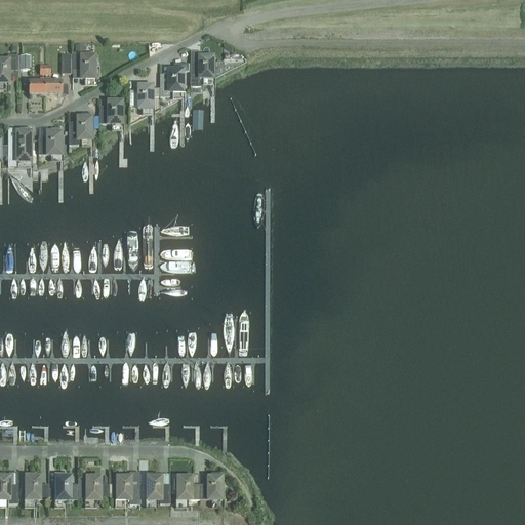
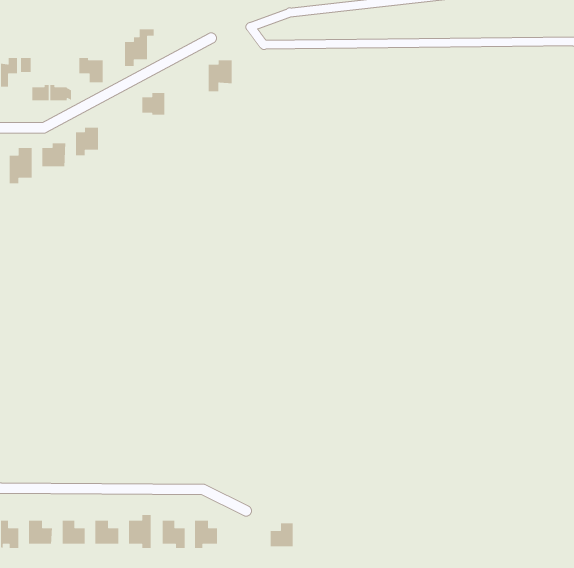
building: [160,60,188,95] -> [124,29,155,67]
building: [98,99,121,122] -> none
building: [199,475,220,497] -> [270,522,294,547]

